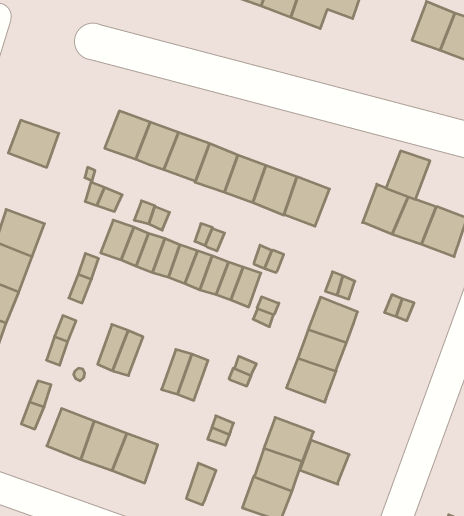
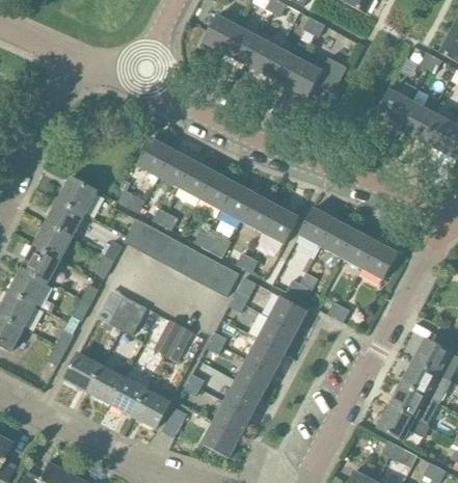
building: [8,120,59,167] -> [58,177,98,214]
building: [386,151,430,199] -> [299,208,334,245]
building: [299,440,349,484] -> [236,359,274,395]
building: none -> [133,388,170,428]

